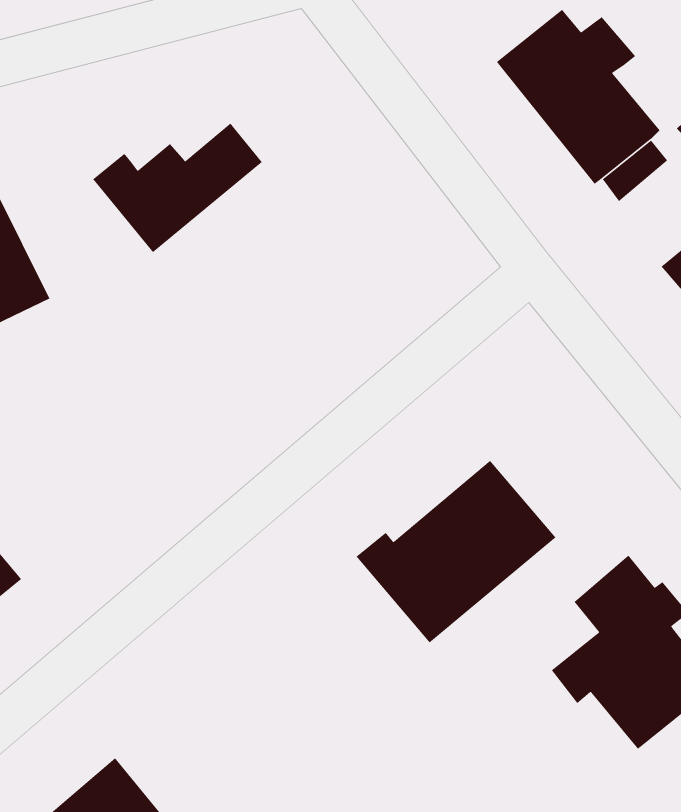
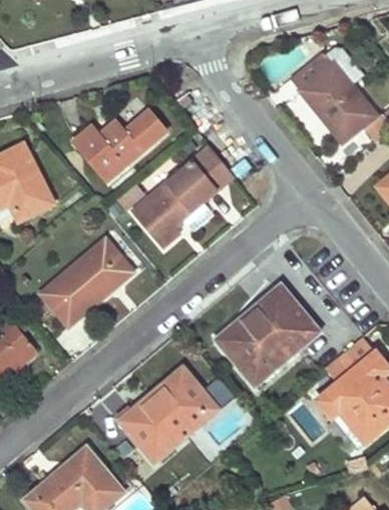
building: none -> [133,146,233,245]
building: none -> [43,239,131,324]
building: none -> [119,370,220,462]

